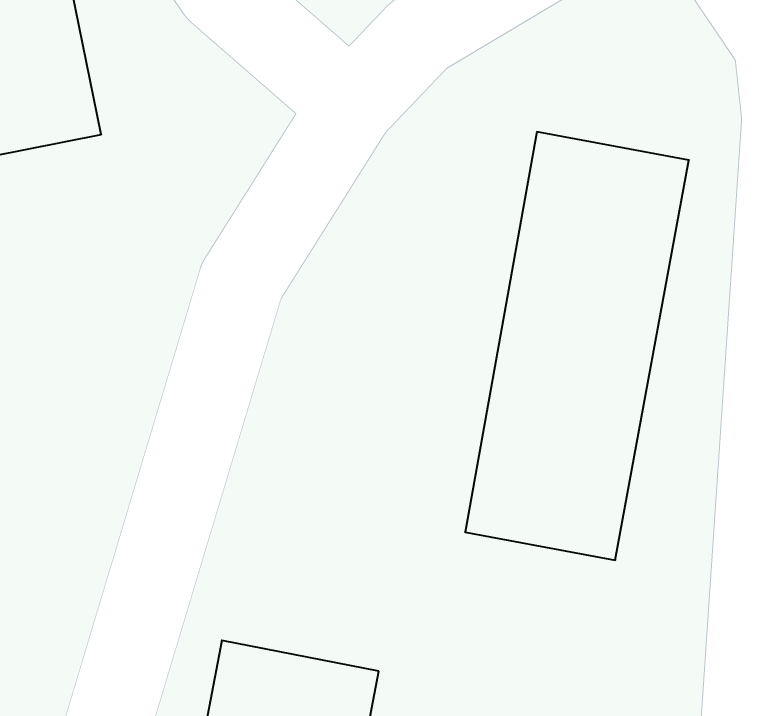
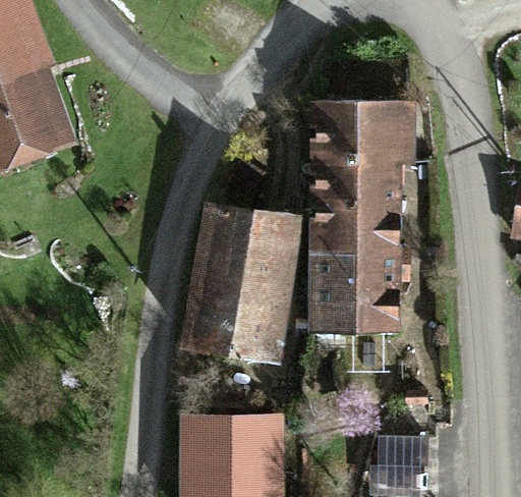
building: none -> [185,204,296,363]

